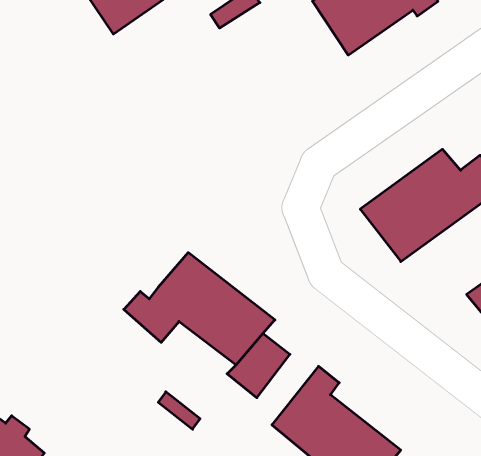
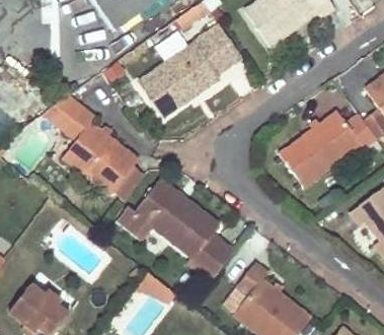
building: none -> [139,25,240,118]
building: none -> [44,92,135,194]

